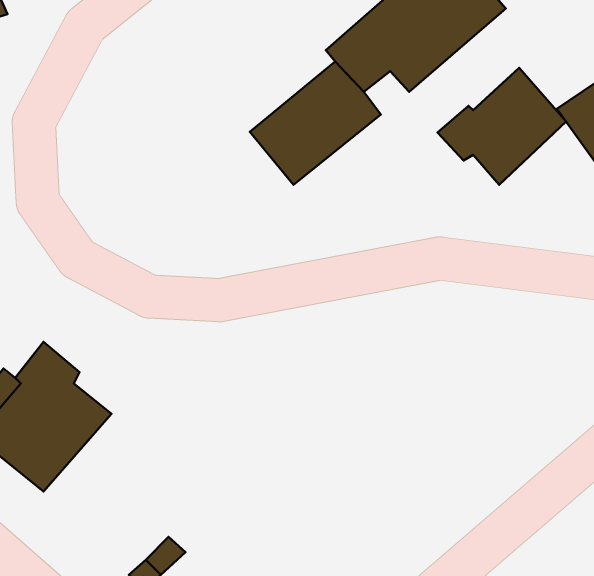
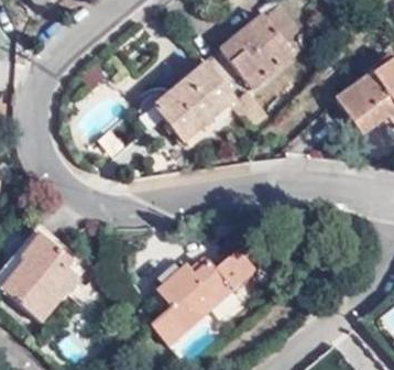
building: [437,68,566,185] -> none
building: none -> [136,249,259,345]

